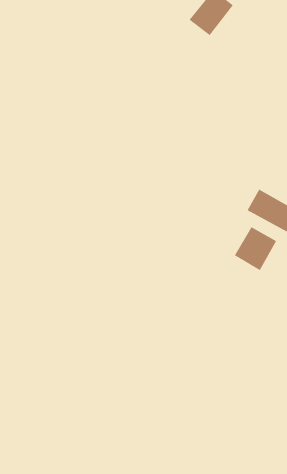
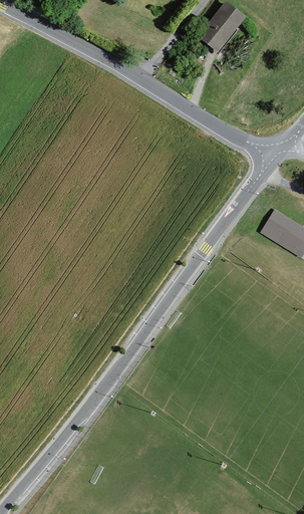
building: [234,226,277,271] -> none

